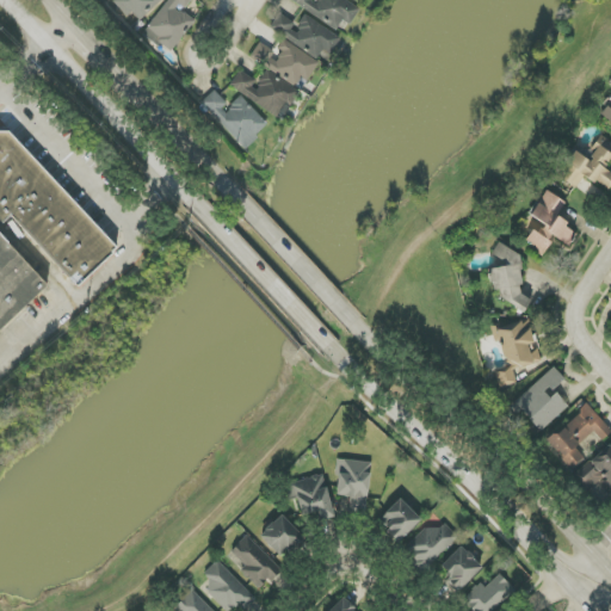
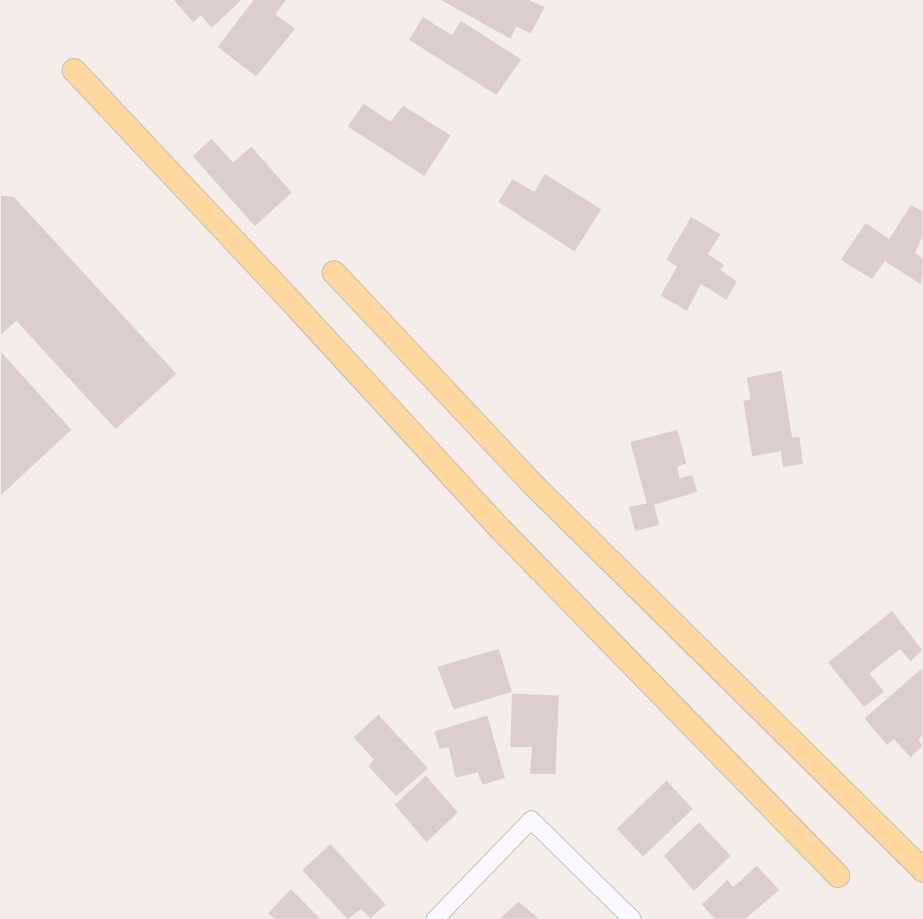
building: [251,36,320,88] -> [498,173,602,252]
building: [202,88,269,147] -> [192,138,293,227]
building: [525,189,576,252] -> [660,216,738,312]
building: [495,317,542,385] -> [628,429,698,532]
building: [511,365,567,430] -> none
building: none -> [437,648,513,710]
building: [378,496,421,539] -> none
building: [232,533,282,588] -> [353,714,429,797]

